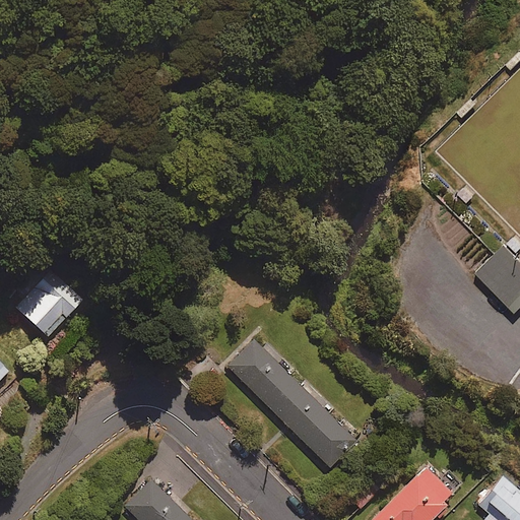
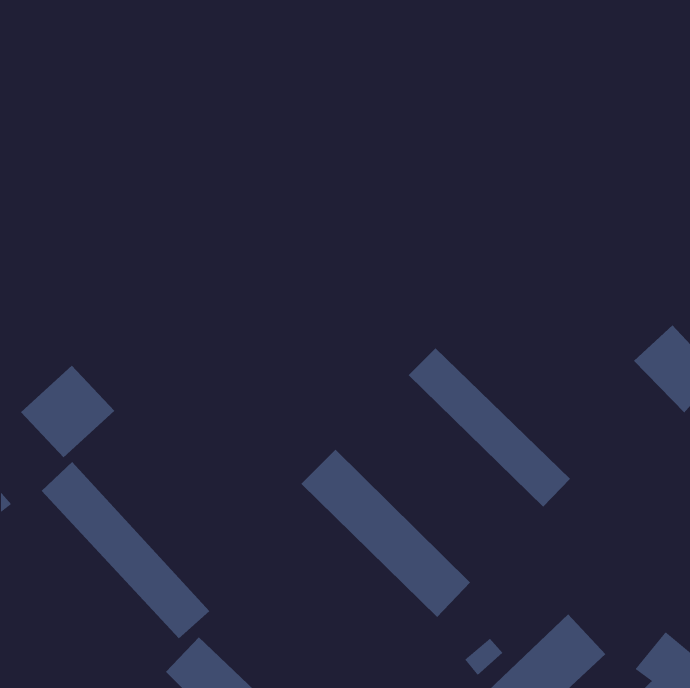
building: none -> [408,348,571,508]
building: none -> [41,461,210,639]

